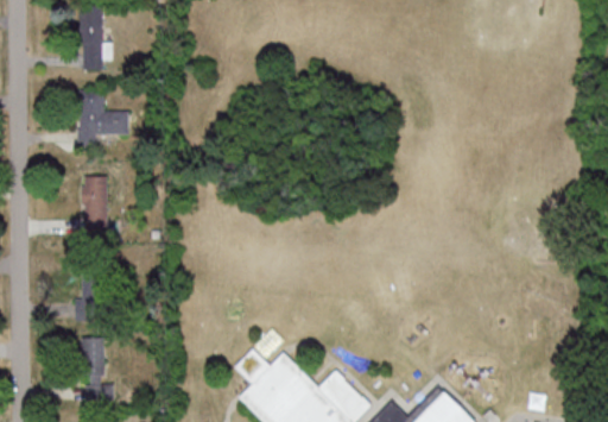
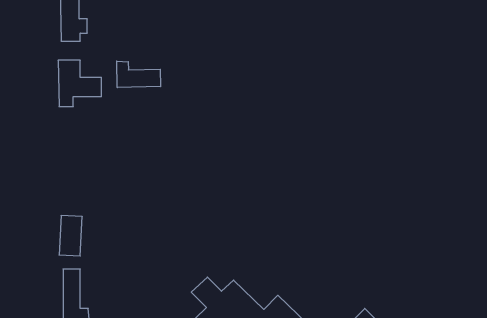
building: none -> [117,61,161,88]
building: [82,177,106,235] -> none

